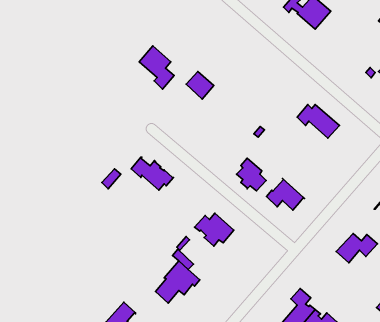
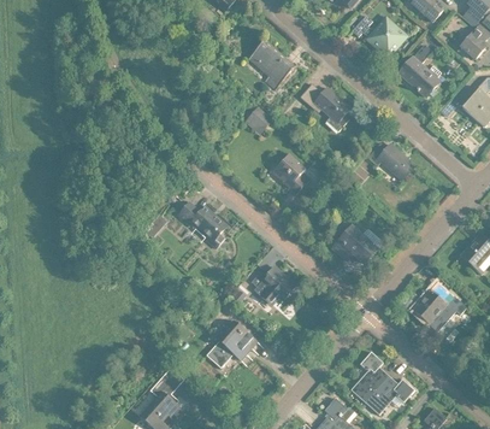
building: none -> [403,52,439,96]
building: [139,46,174,89] -> [248,40,288,89]
building: none -> [305,88,350,123]
building: [236,158,266,191] -> [276,154,309,192]

